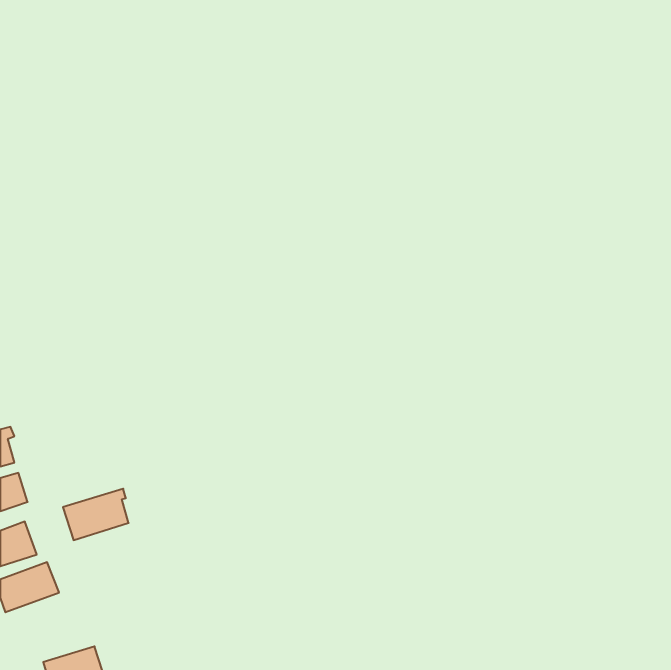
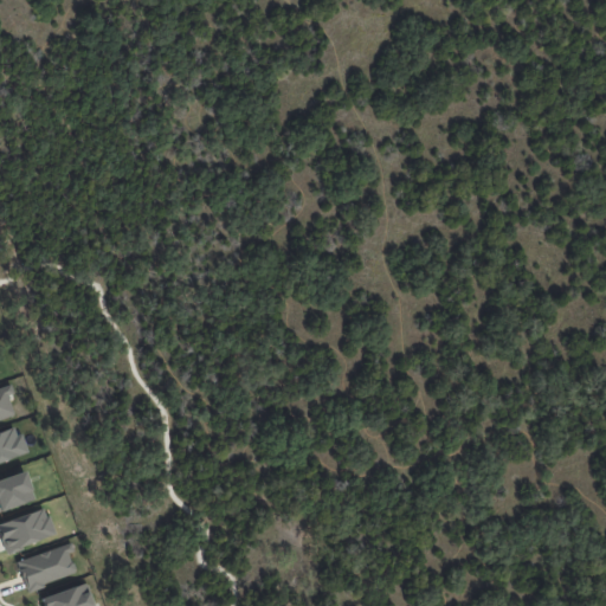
building: [63,489,129,540] -> [15,544,75,591]

